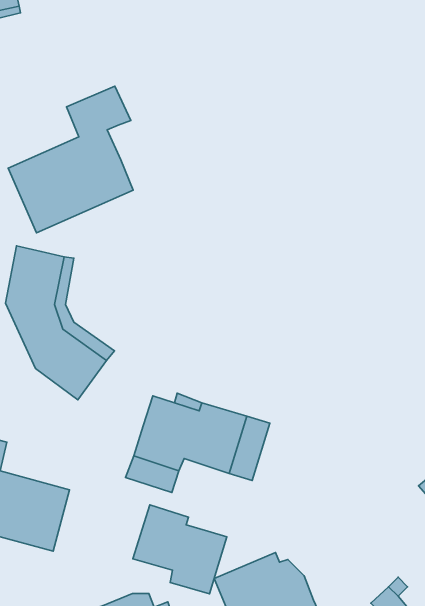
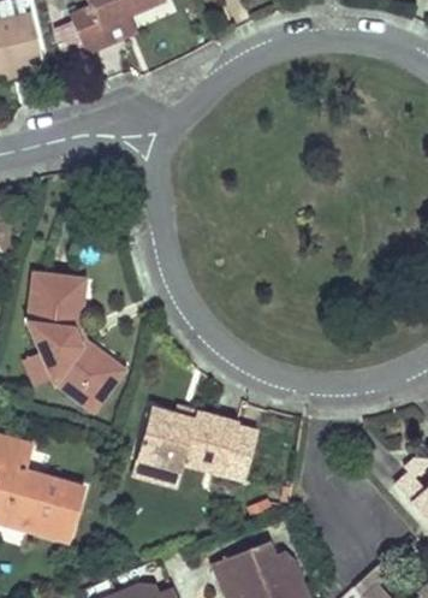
building: [8,86,133,233] -> none
building: [133,505,227,594] -> none

